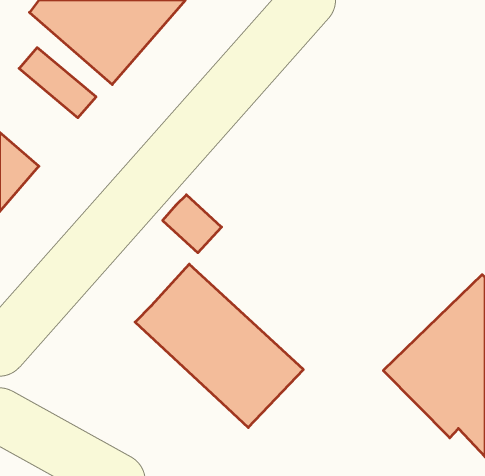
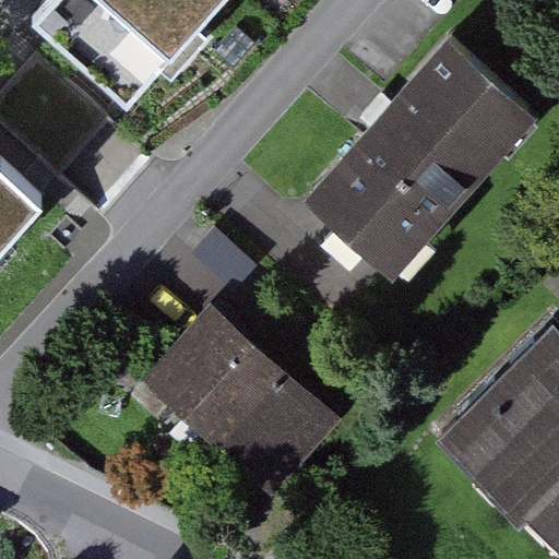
building: none -> [308,35,535,271]

